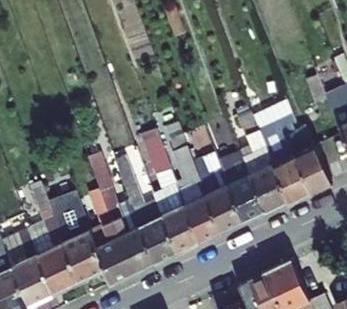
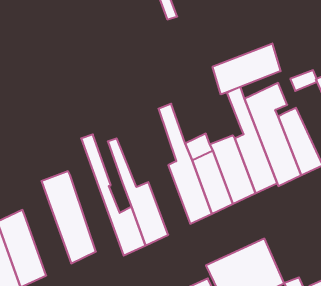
building: none -> [213,43,281,94]
building: [143,128,200,253] -> none
building: [84,169,133,285] -> none
building: [33,185,80,294] -> none

